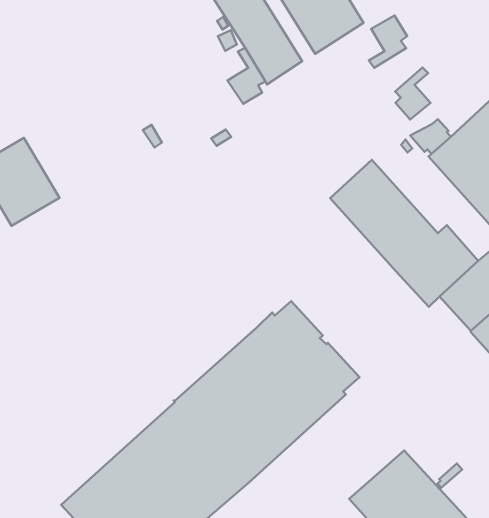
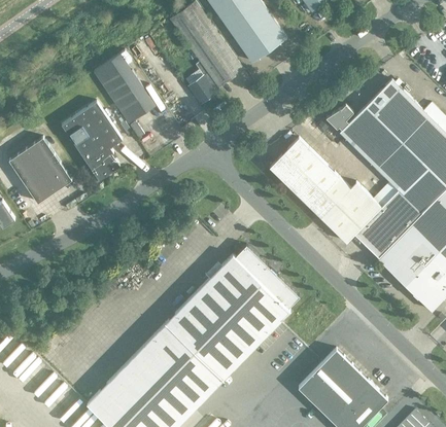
building: [369,16,407,68] -> none
building: none -> [93,54,155,123]
building: [395,68,430,119] -> none
building: none -> [61,102,122,180]

